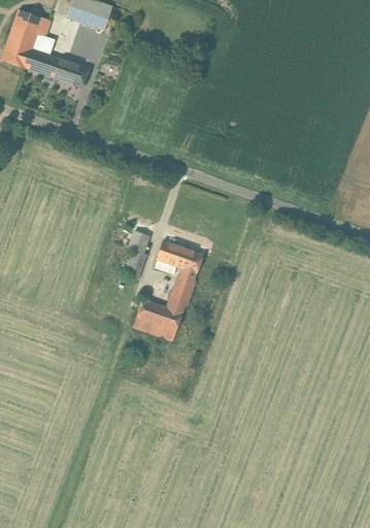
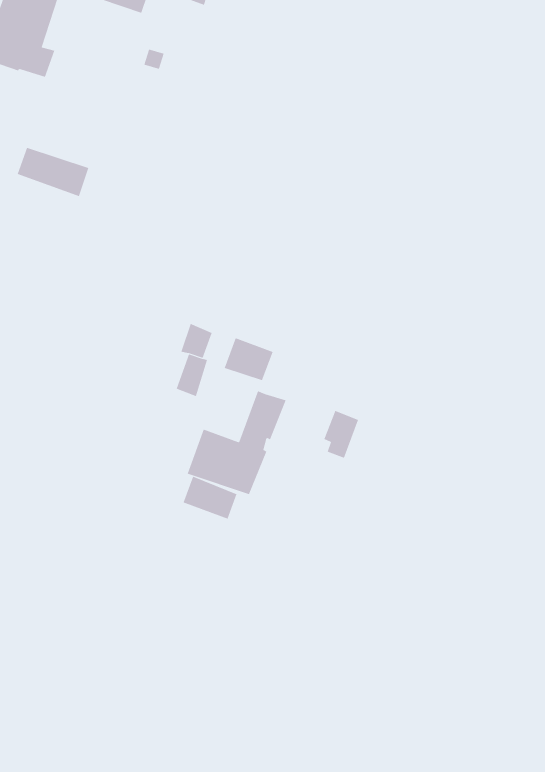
building: [42,55,89,87] -> [17,147,89,197]
building: [181,249,204,279] -> [324,410,359,458]
building: none -> [183,476,237,520]

